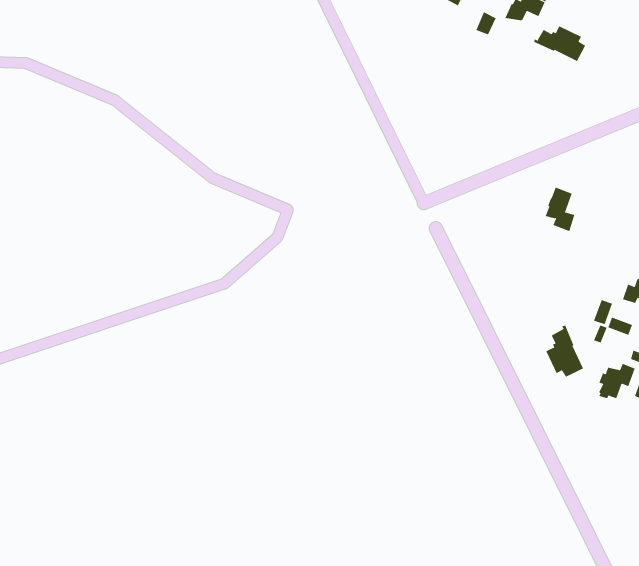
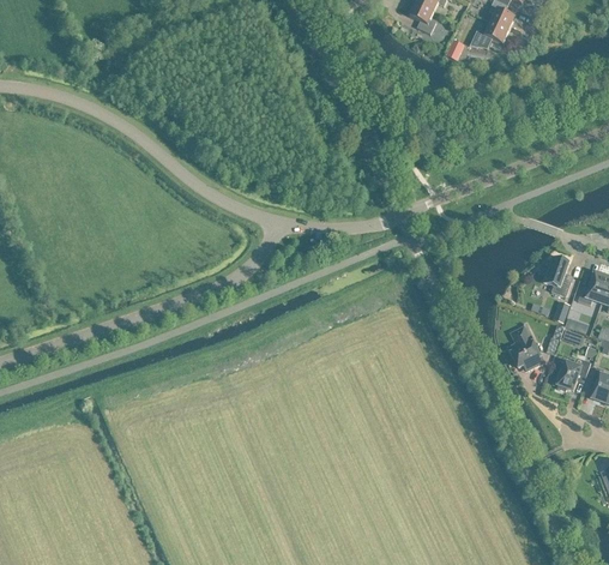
building: [533,25,586,62] -> none
building: [545,187,575,232] -> [544,257,572,297]

